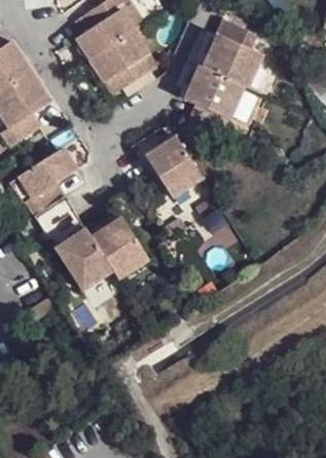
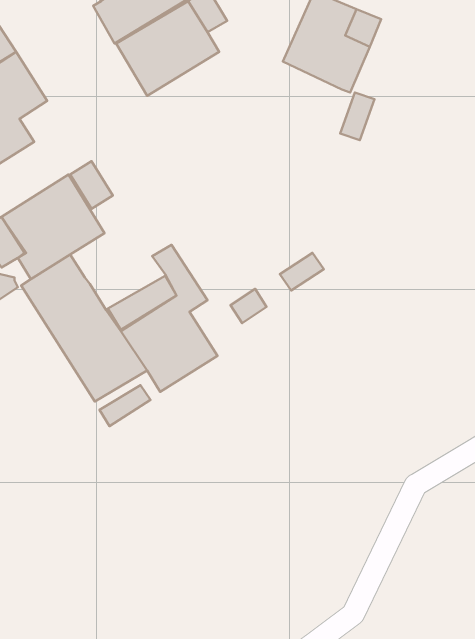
building: [180,72,233,130] -> none
building: [145,137,205,196] -> none

